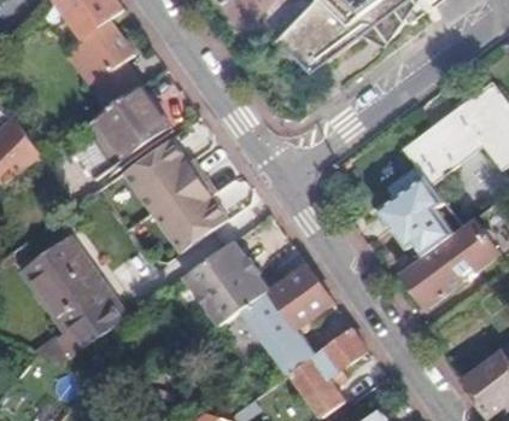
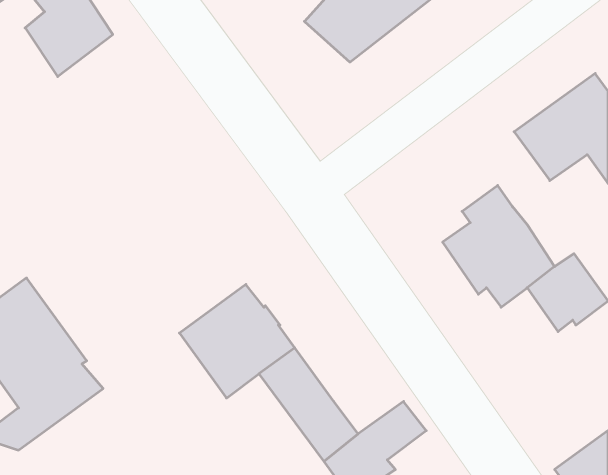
building: [84,86,166,164] -> none
building: [404,128,457,183] -> none
building: [122,139,229,256] -> none
building: [402,244,466,308] -> none
building: [268,263,332,328] -> none

